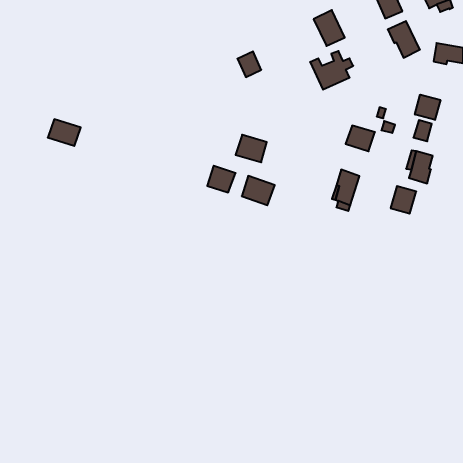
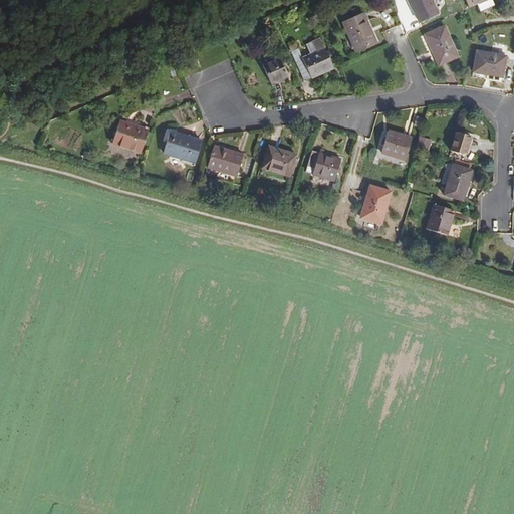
building: [310,51,353,90] -> [289,38,336,80]
building: [415,95,440,120] -> none
building: [48,119,81,146] -> [110,118,147,148]
building: none -> [159,134,199,165]
building: [207,166,236,192] -> [204,144,235,173]
building: [242,176,275,205] -> [302,149,338,181]

